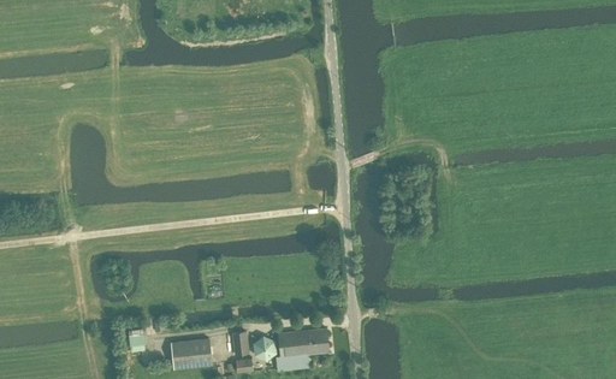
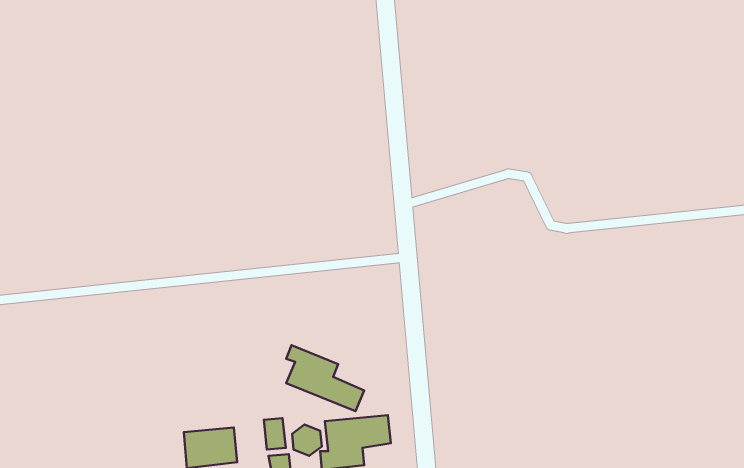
building: none -> [286,345,364,411]

